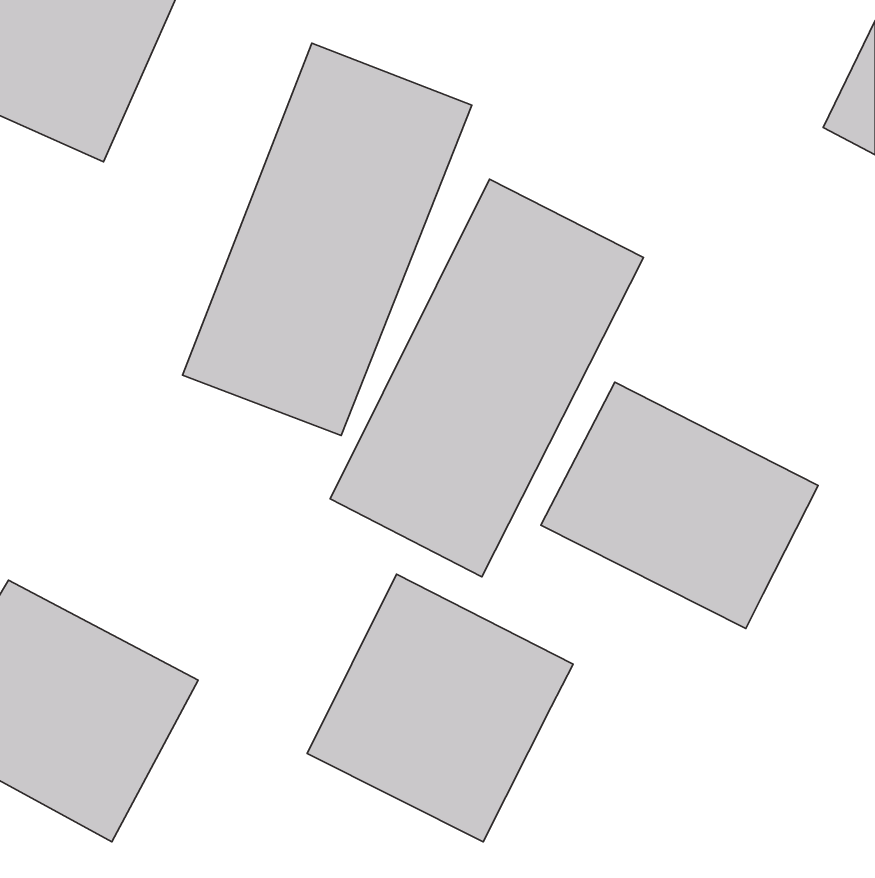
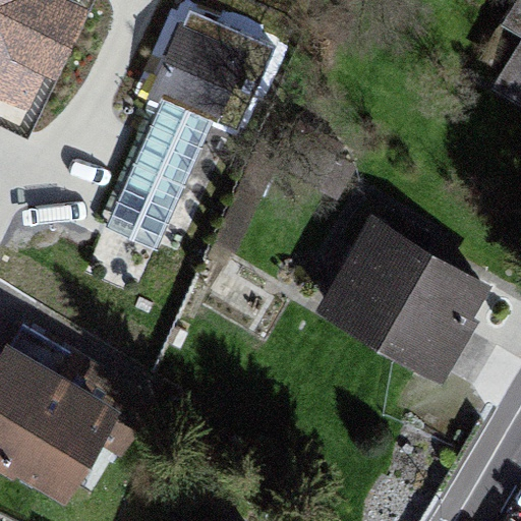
building: [330,179,644,577] -> none
building: [307,574,573,842] -> none

